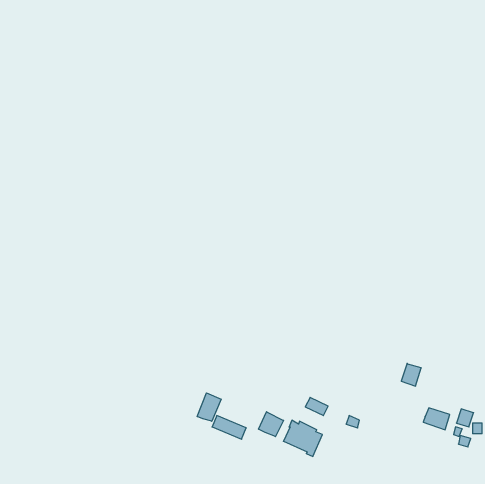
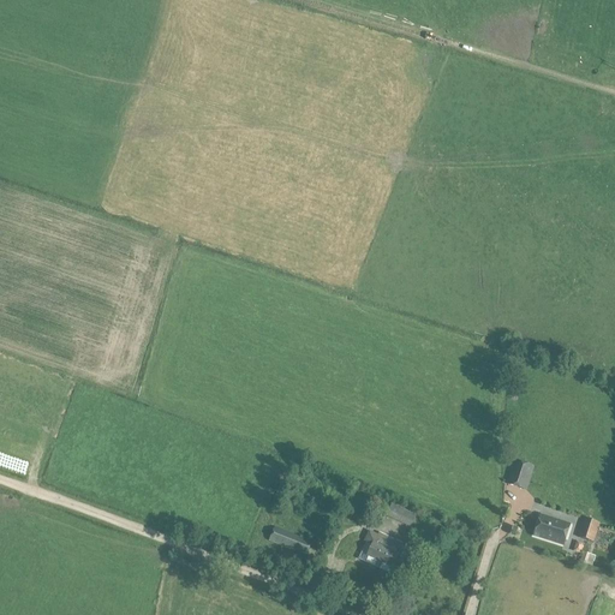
building: [197,393,221,421] -> none
building: [259,412,284,437] -> none

